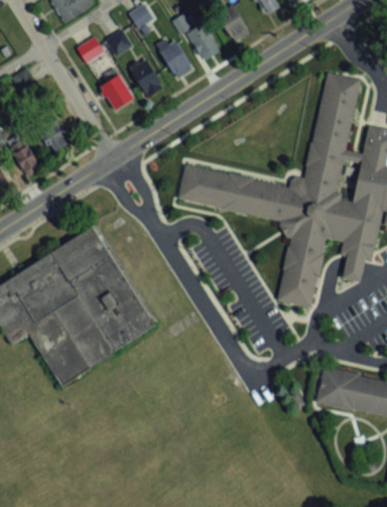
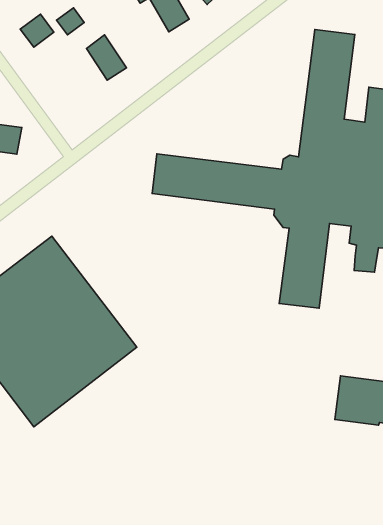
building: [160,40,195,81] -> none
building: [101,76,137,114] -> none

